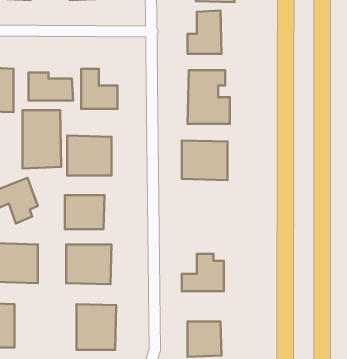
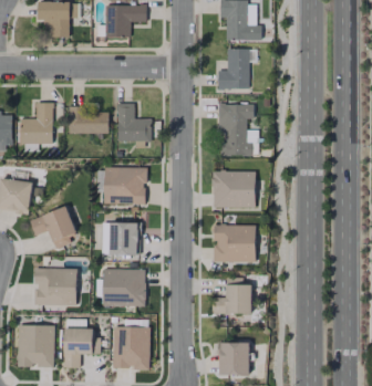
building: [23,110,61,168] -> none
building: none -> [213,225,255,261]
building: none -> [62,327,100,367]

